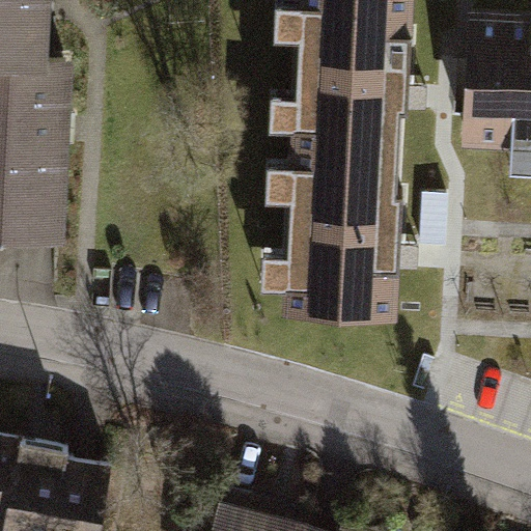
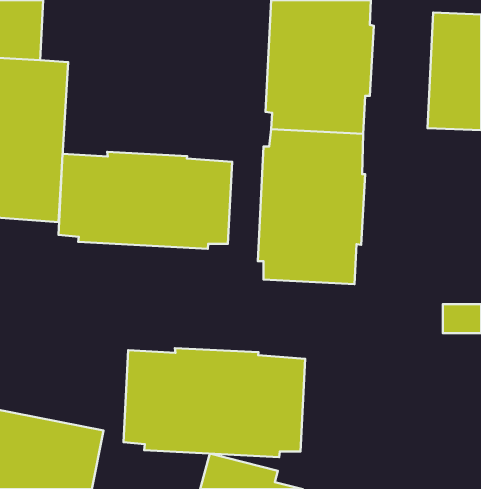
building: none -> [58,152,232,249]
building: none -> [123,348,305,457]

